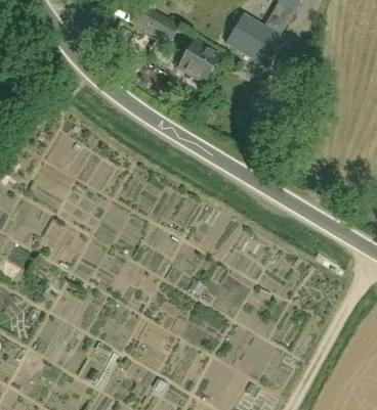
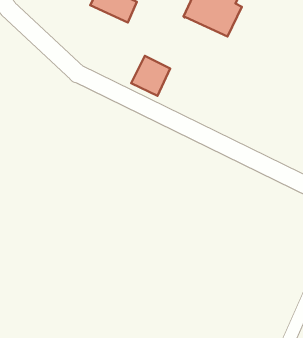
building: [177,40,218,82] -> [131,56,170,96]

